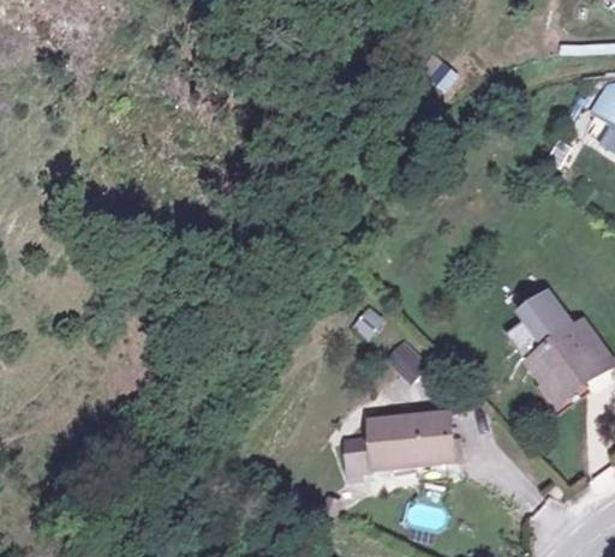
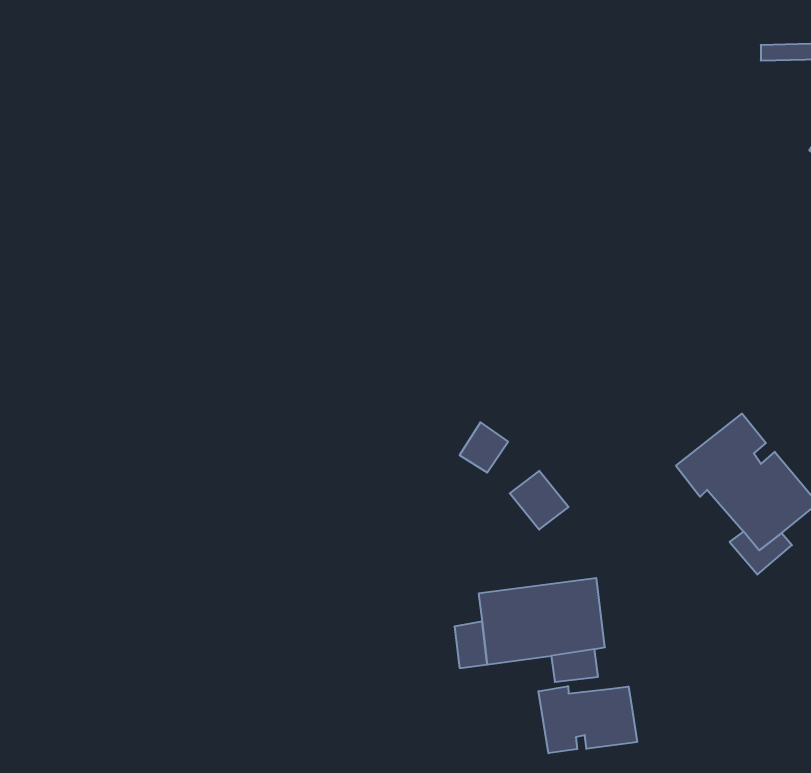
building: none -> [539,686,637,753]

